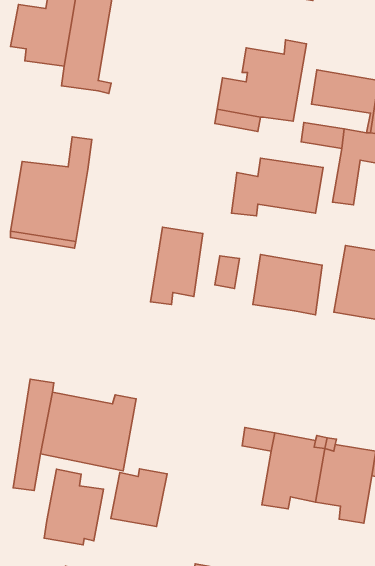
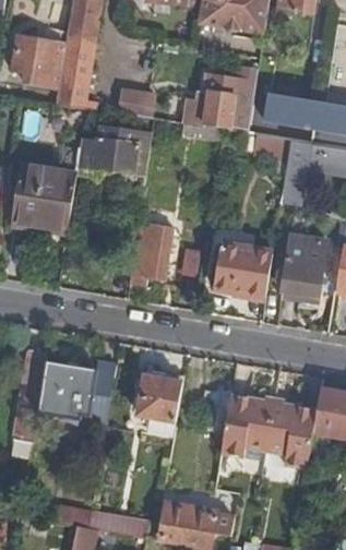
building: none -> [119,84,160,113]
building: [232,158,323,216] -> [76,129,153,177]
building: [111,469,167,526] -> [138,373,184,421]
building: [44,469,104,545] -> none

